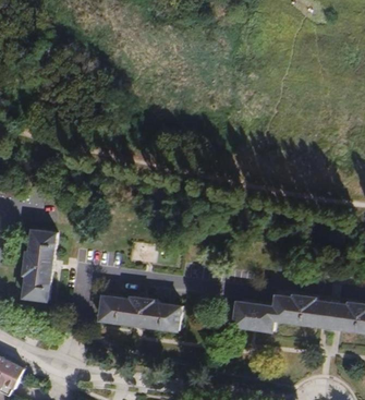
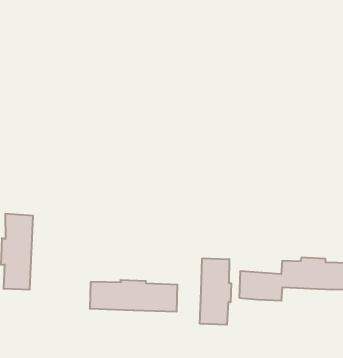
building: none -> [200,258,231,325]

